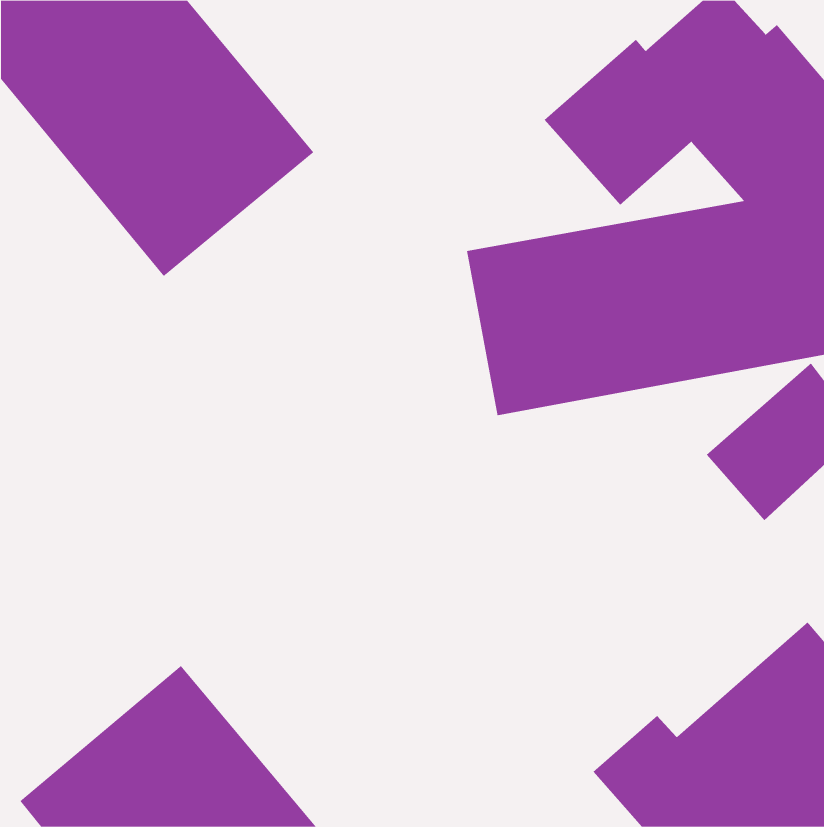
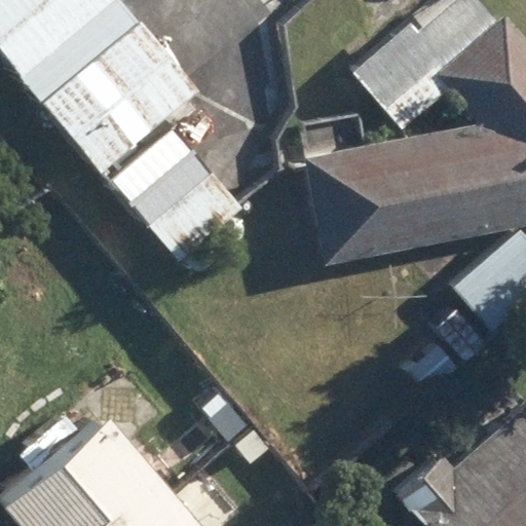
building: none -> [116,130,243,262]

